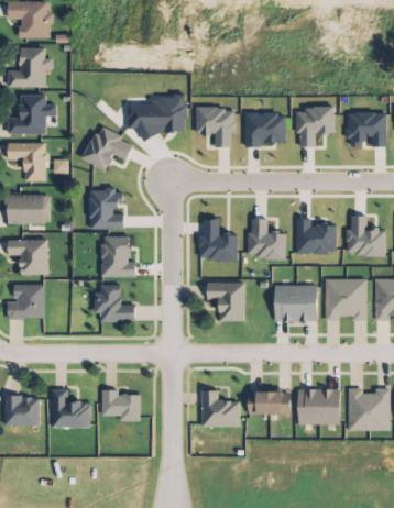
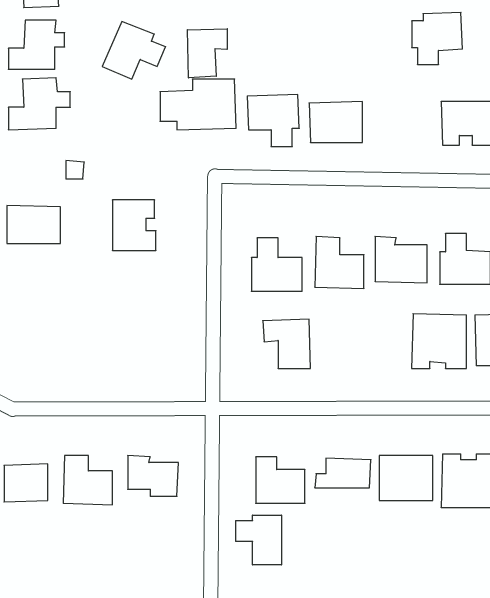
building: none -> [187,29,227,78]
building: [295,106,335,146] -> [412,12,462,64]
building: [83,125,132,170] -> [102,22,166,79]
building: [8,142,45,181] -> none
building: [101,235,135,277] -> none
building: [8,240,47,275] -> none
building: [7,284,45,319] -> none
building: [95,284,134,322] -> none
building: [274,285,317,321] -> none
building: none -> [236,515,281,565]

